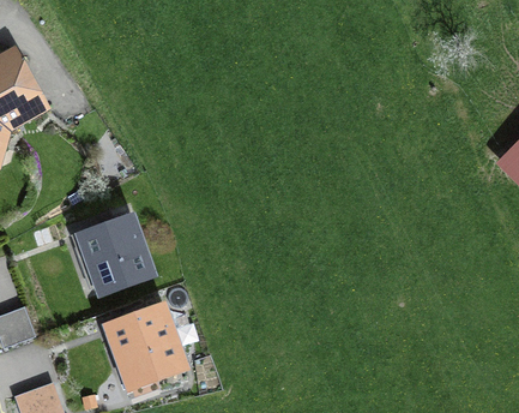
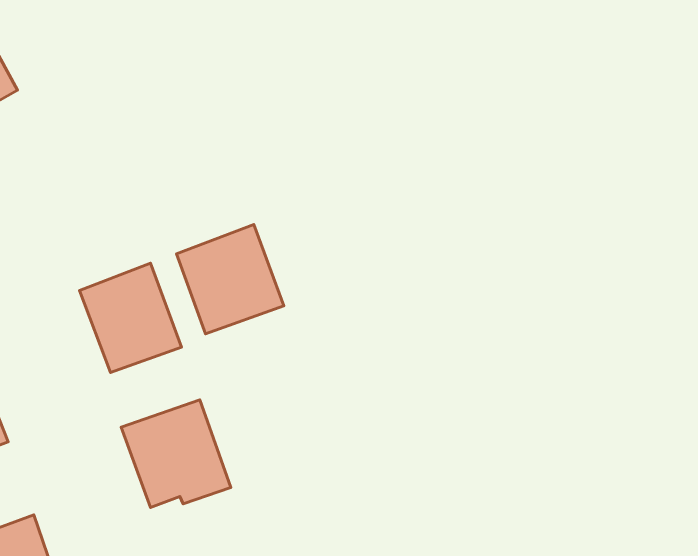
building: none -> [177,225,284,334]

